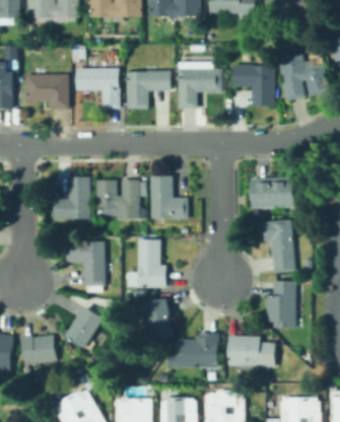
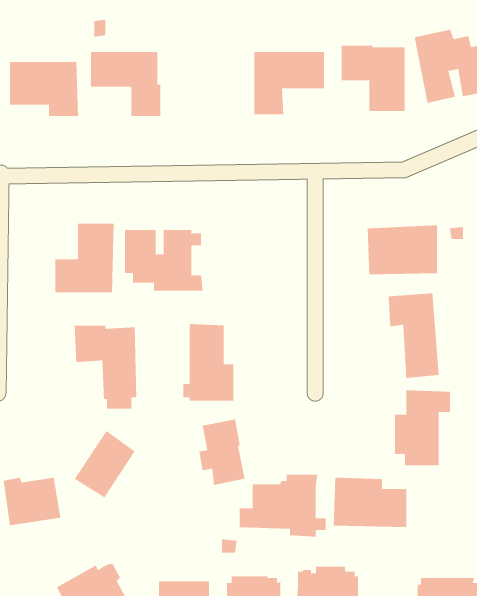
building: [127,69,171,109] -> none
building: [150,175,189,218] -> none

